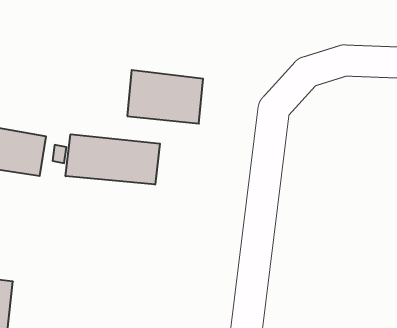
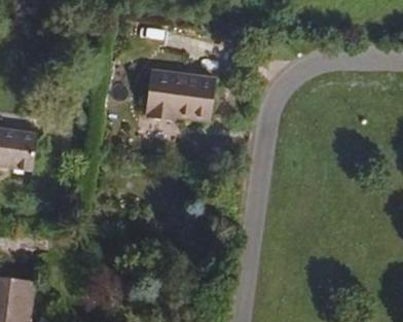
building: [66,134,160,185] -> none

